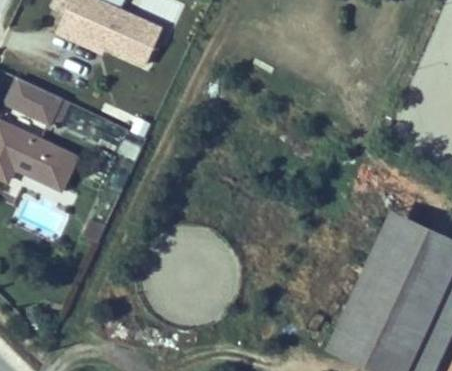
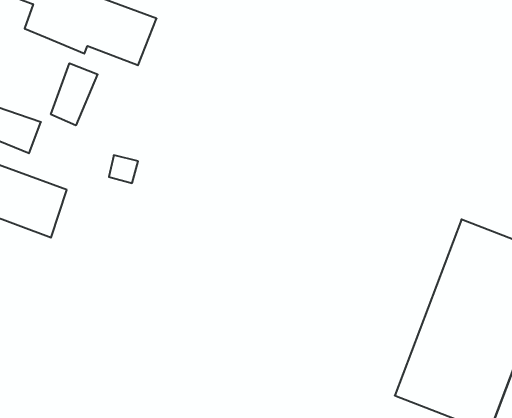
building: none -> [51,63,98,125]

